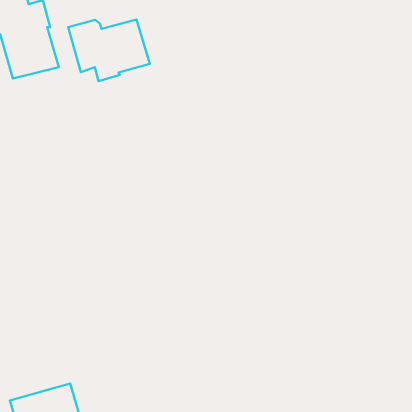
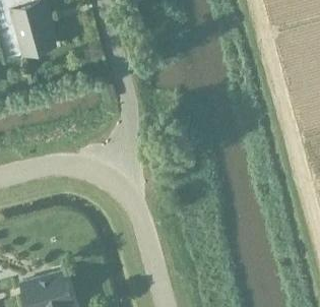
building: [68,20,150,81] -> none

